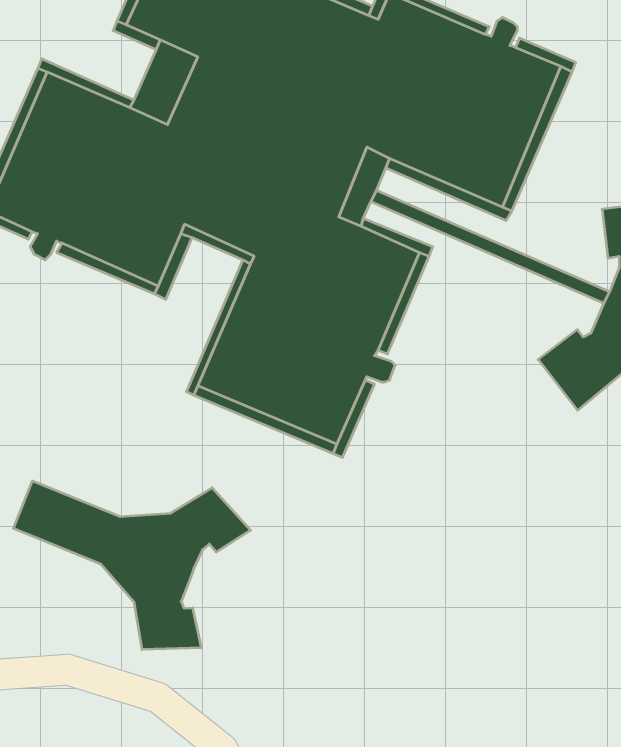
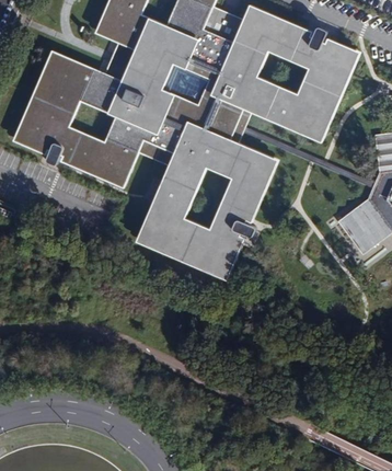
building: [13,481,251,650] -> none

